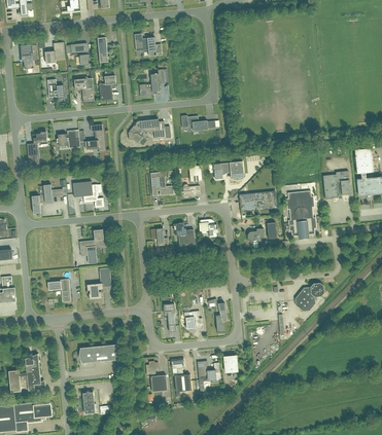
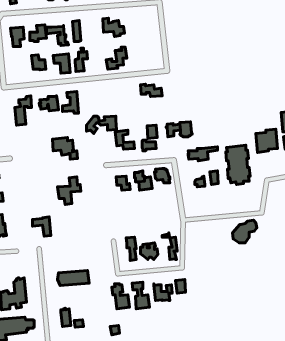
building: [128,121,165,143] -> [86,116,117,134]
building: [31,184,62,214] -> none
building: [85,267,110,299] -> none

